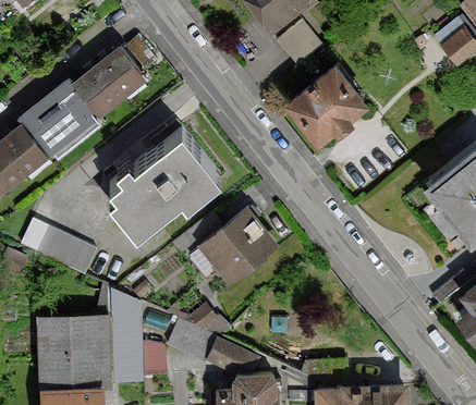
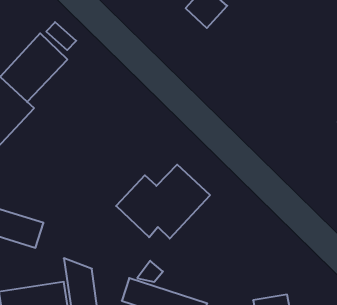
building: [283,62,367,144] -> none
building: [110,127,219,231] -> none

